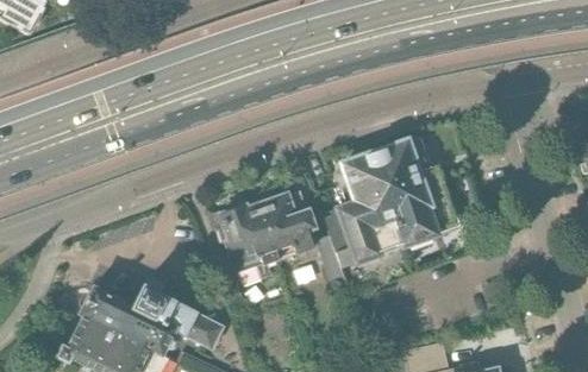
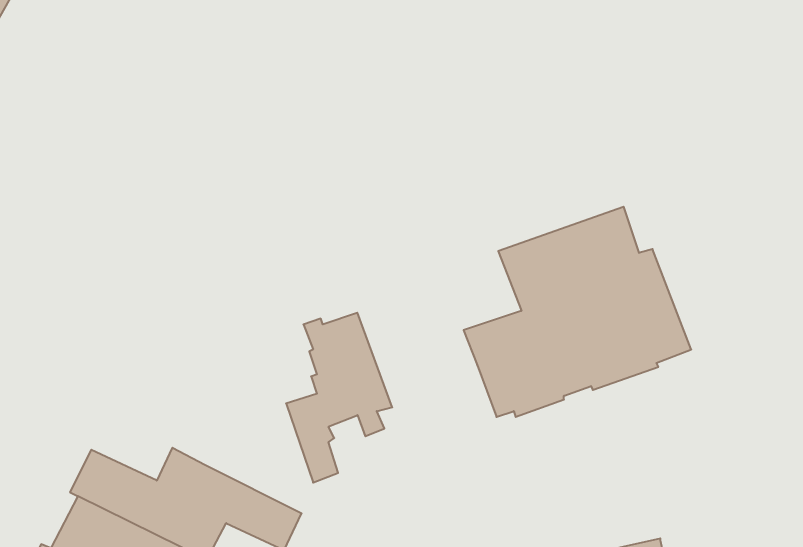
building: [256,190,345,280] -> none

